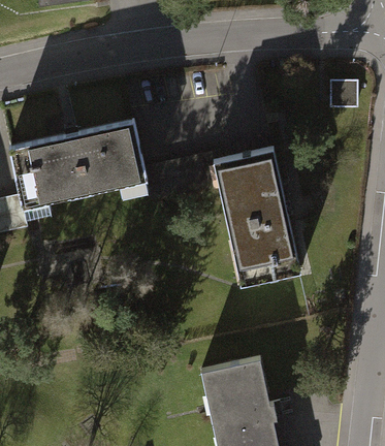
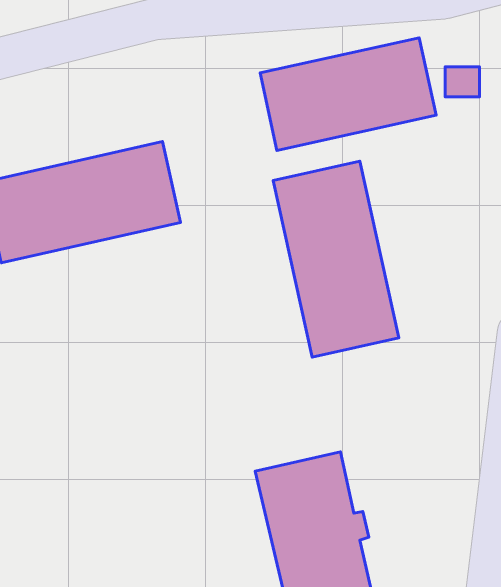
building: none -> [260,38,436,150]

